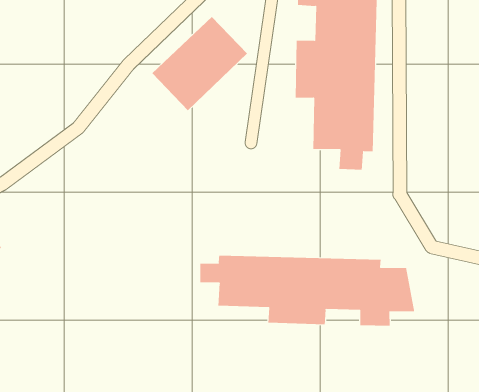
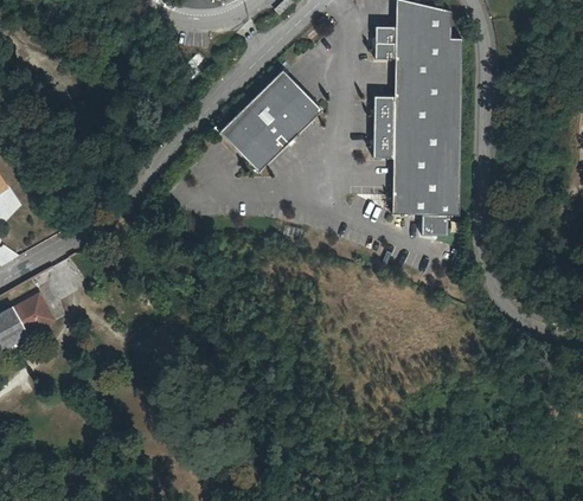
building: [200,255,415,327] -> none

